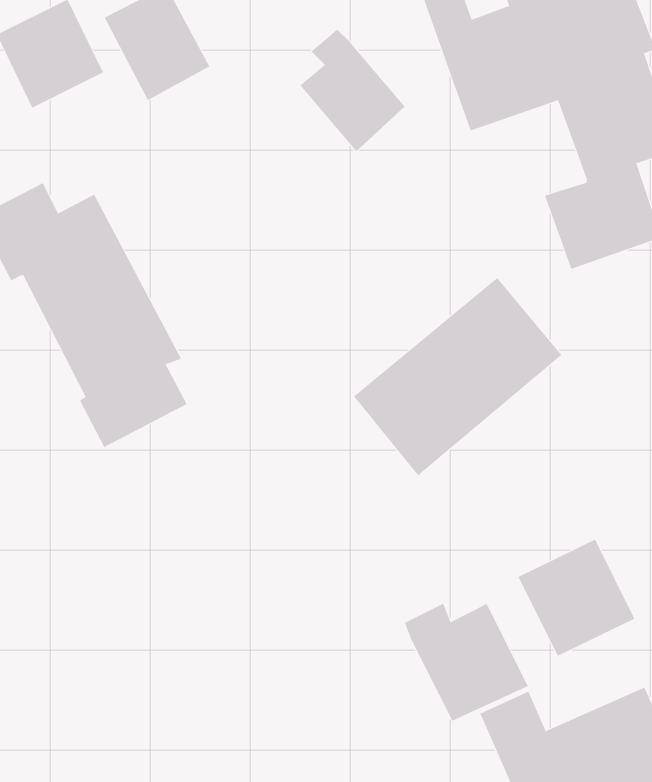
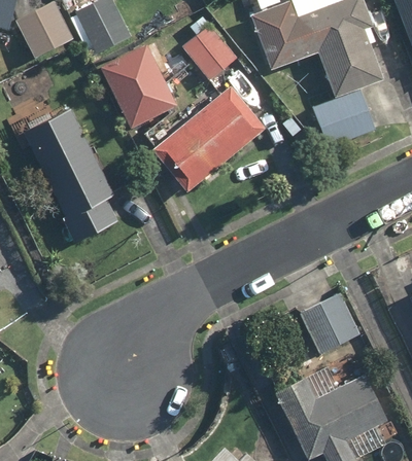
building: none -> [99,42,177,128]
building: [353,277,562,476] -> [150,84,264,192]
building: [404,603,529,722] -> none

